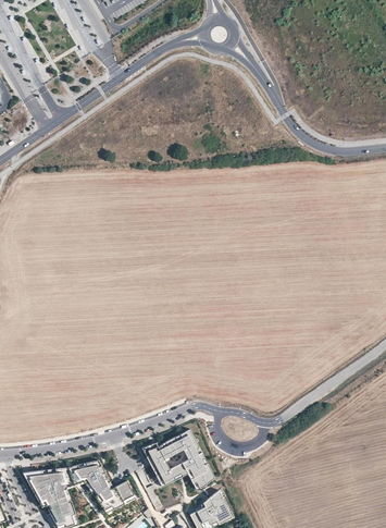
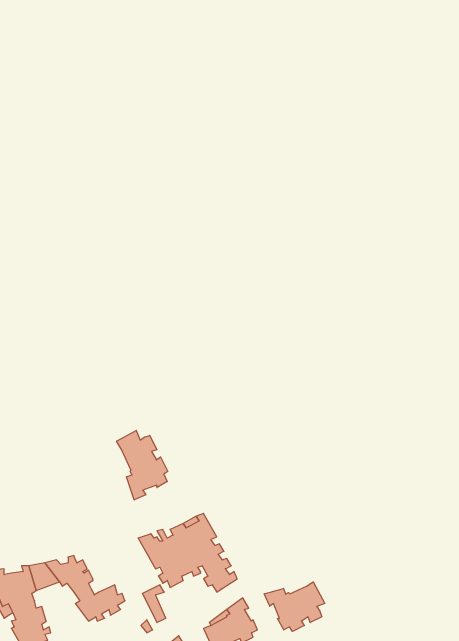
building: none -> [117,430,168,500]
building: none -> [264,582,325,631]

